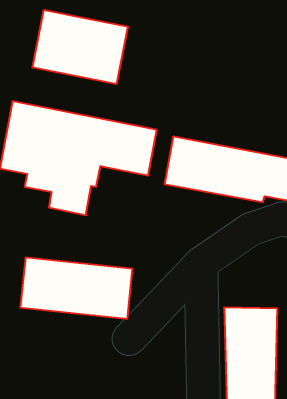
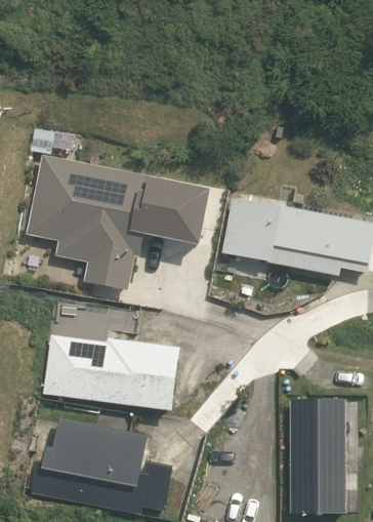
building: [32,10,128,84] -> none
building: none -> [58,425,161,491]

